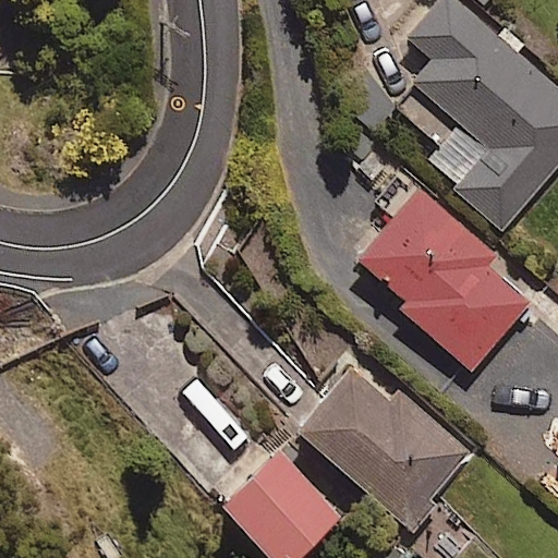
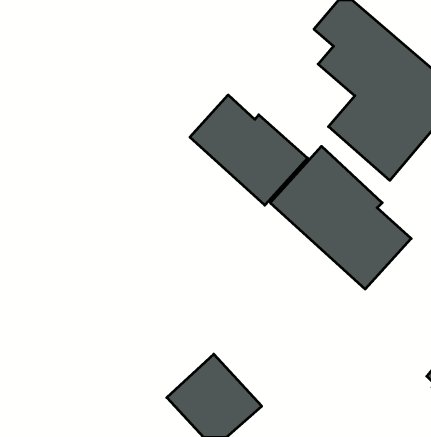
building: none -> [190,95,308,205]
building: [298,369,475,535] -> none

